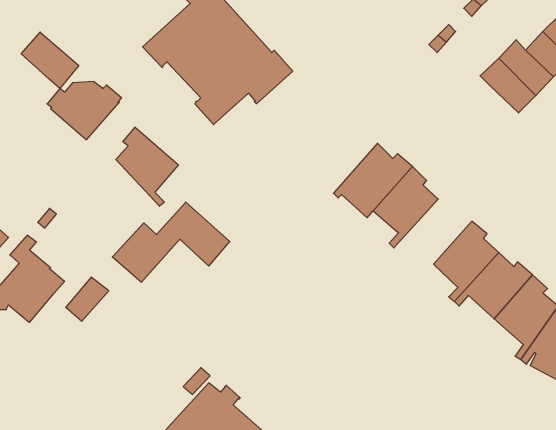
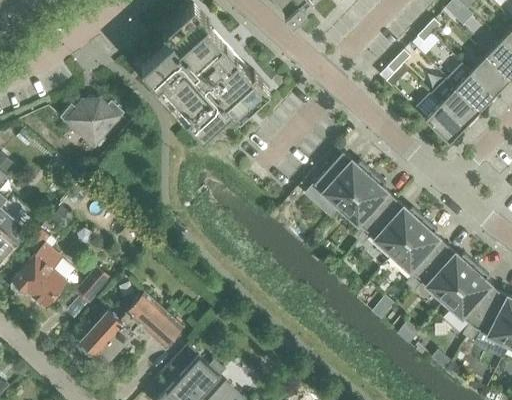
building: [21,32,79,89] -> none
building: none -> [416,94,464,142]
building: [116,127,178,206] -> none
building: none -> [357,200,424,256]
building: [112,202,230,282] -> [79,293,180,362]

